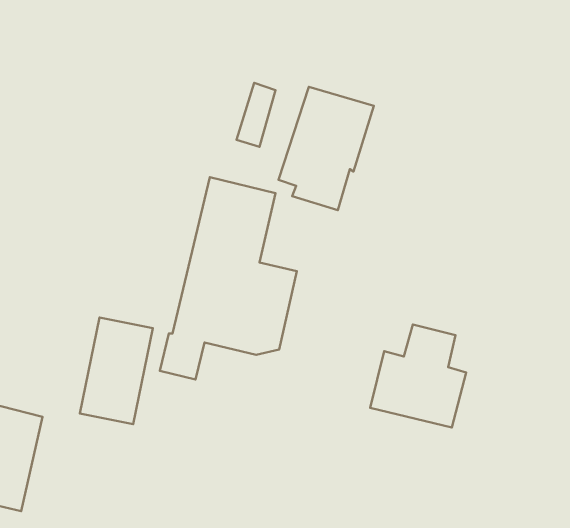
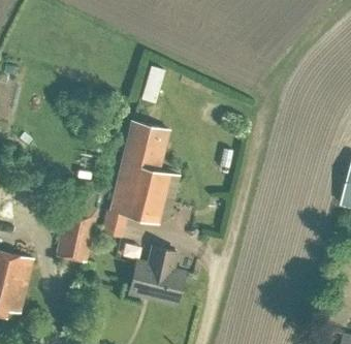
building: [278,87,374,210] -> none
building: [370,324,466,427] -> [129,246,185,306]

